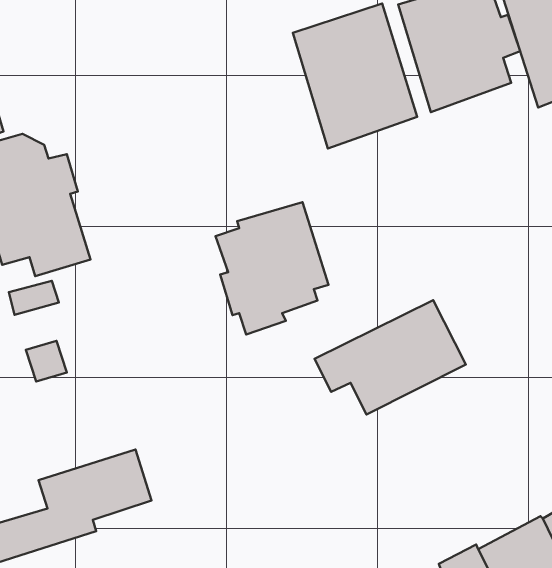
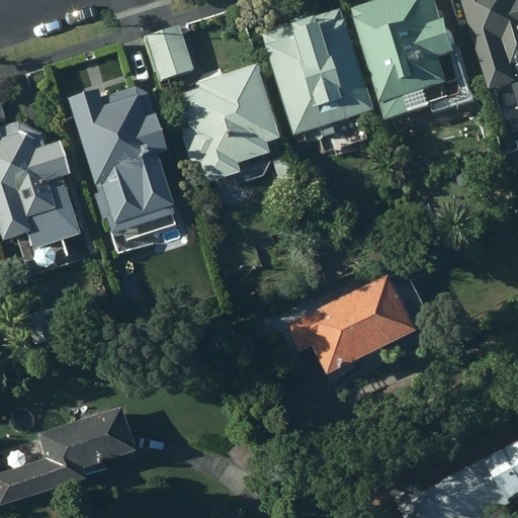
building: none -> [145,30,191,85]
building: none -> [60,95,169,253]
building: [216,202,329,335] -> [180,64,281,182]

